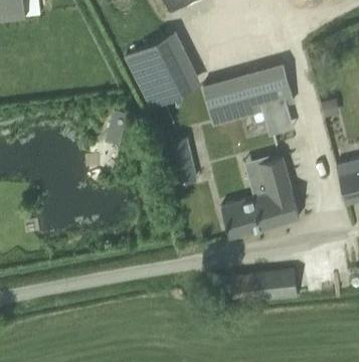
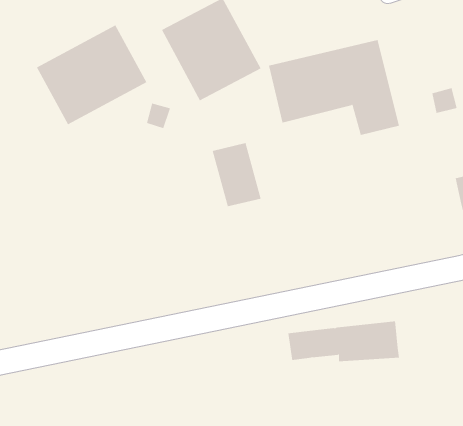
building: none -> [36,24,147,125]
building: [220,155,298,236] -> none

